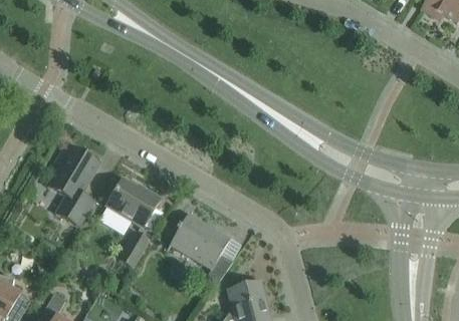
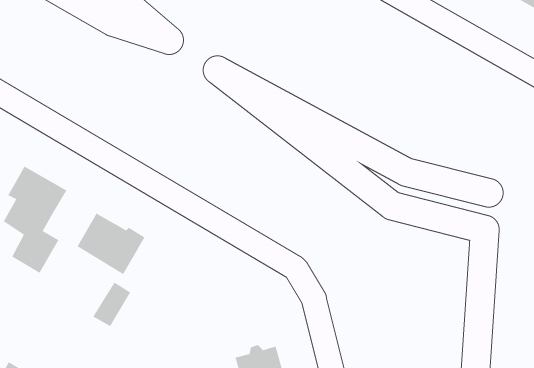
building: [171,212,233,281] -> none

